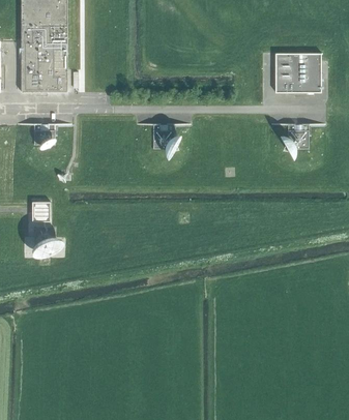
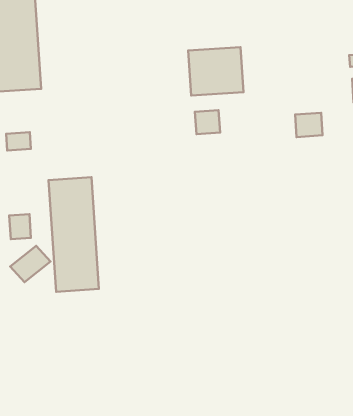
building: [274,53,320,92] -> [188,47,243,96]
building: [152,129,173,149] -> [195,110,220,134]
building: none -> [49,177,99,292]

